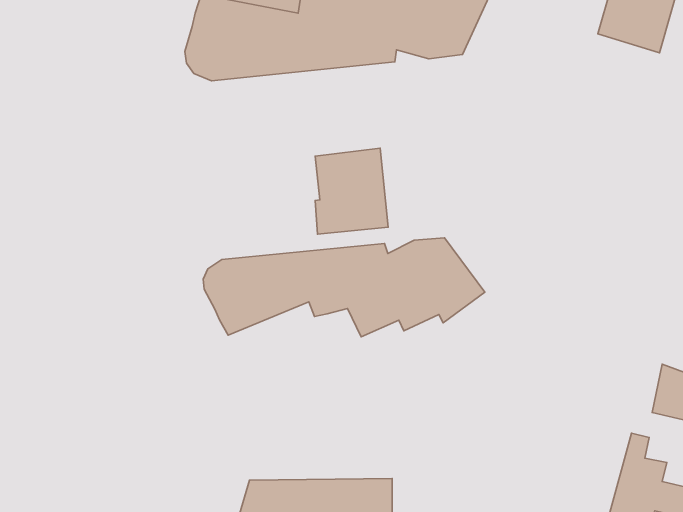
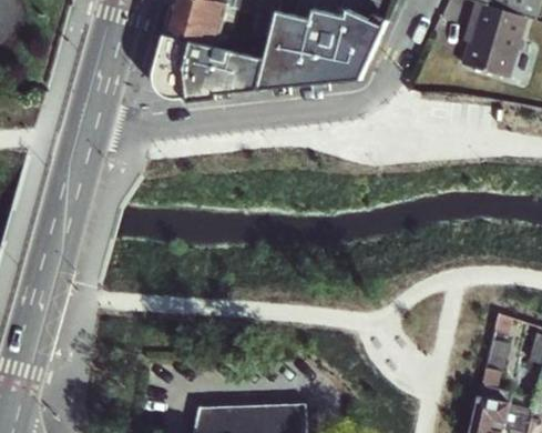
building: [315,148,388,234] -> none
building: [203,238,485,337] -> none

